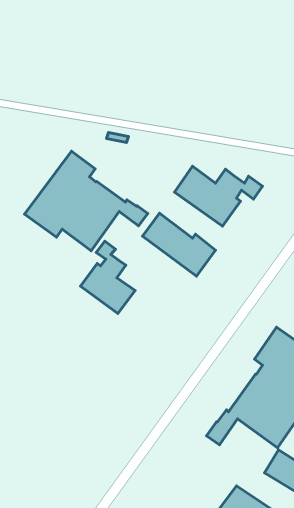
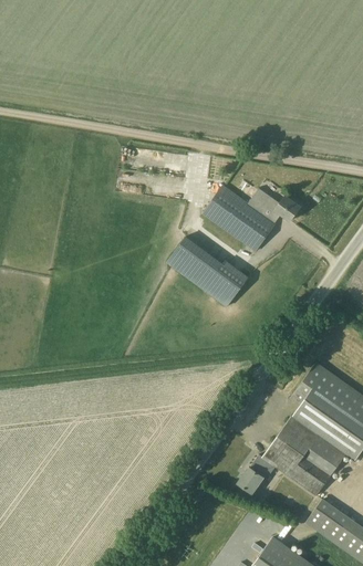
building: [24,151,148,251] -> none
building: [81,241,135,314] -> none

